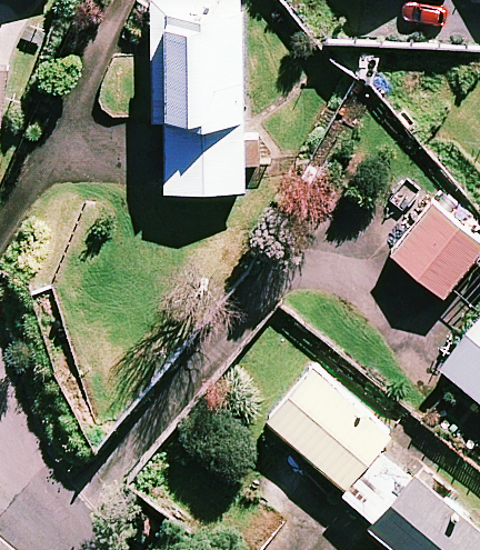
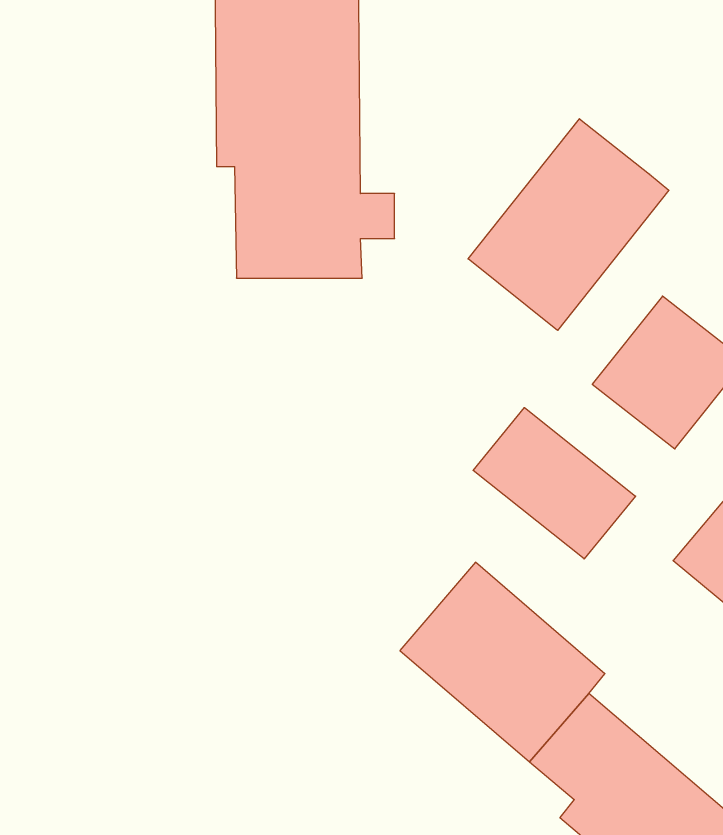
building: none -> [468,119,669,330]
building: none -> [473,408,636,559]

